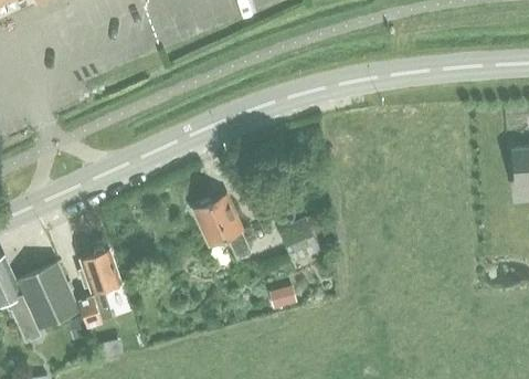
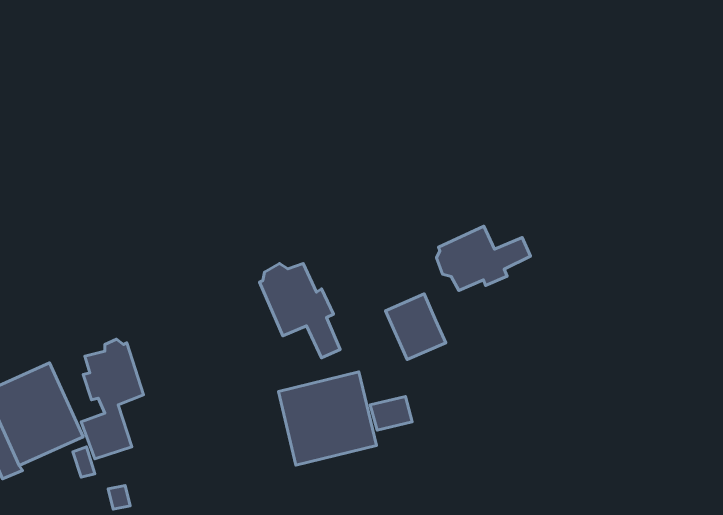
building: none -> [437,226,531,290]
building: none -> [278,372,376,465]

